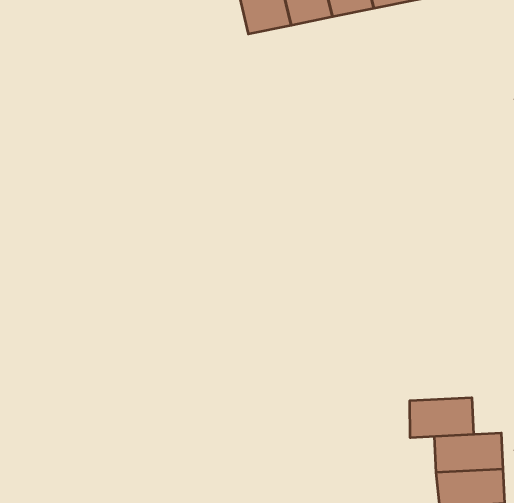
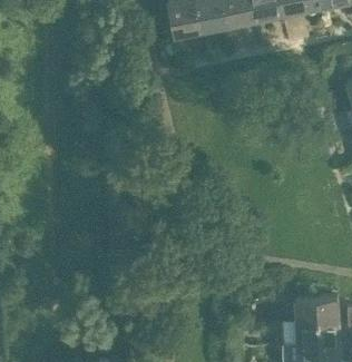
building: [410,398,474,438] -> none

